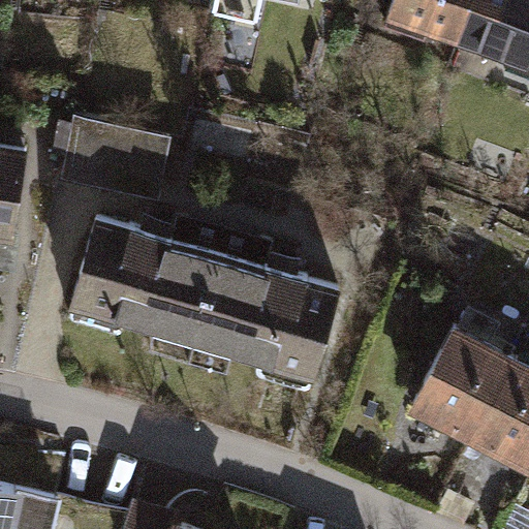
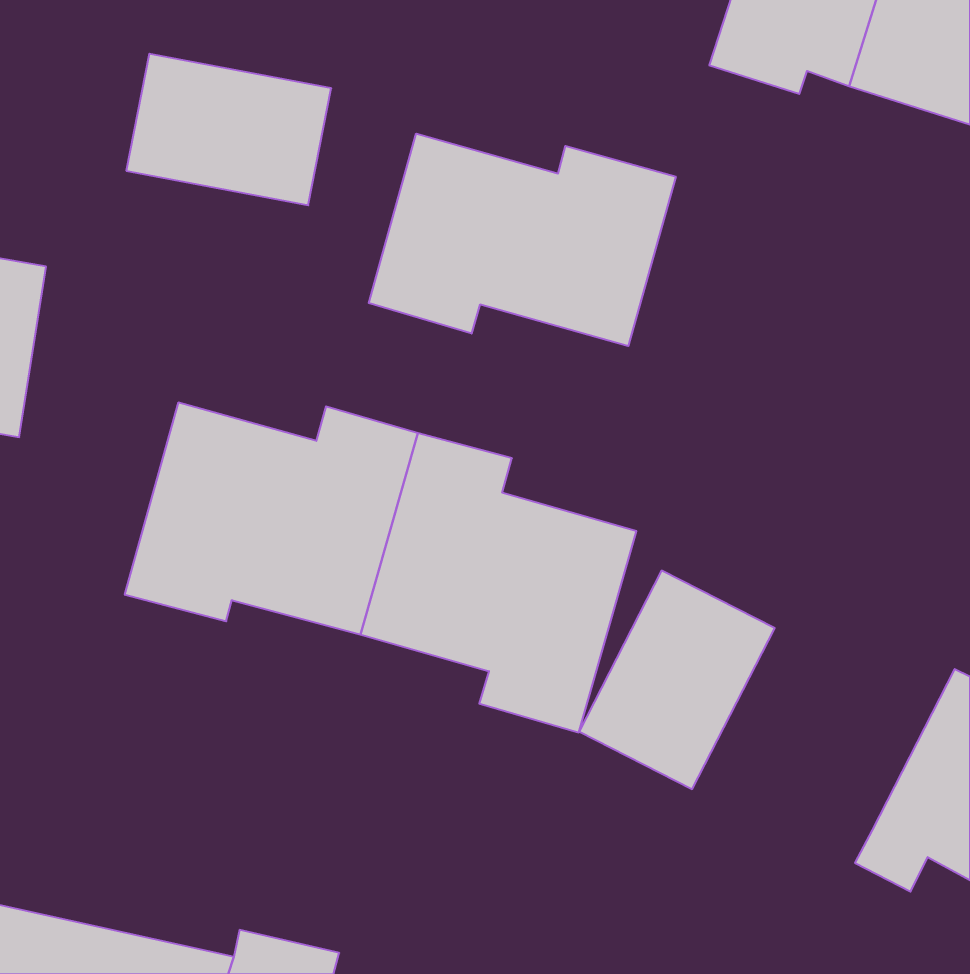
building: none -> [369,134,676,346]
building: [60,120,170,201] -> [126,54,331,205]
building: [409,330,515,447] -> [579,571,775,789]

